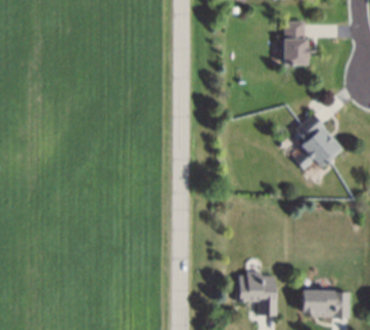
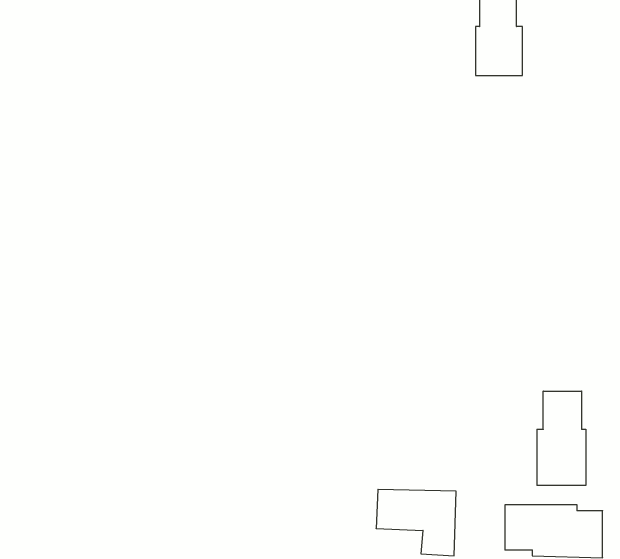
building: [294,114,342,166] -> none
building: none -> [537,391,586,485]

